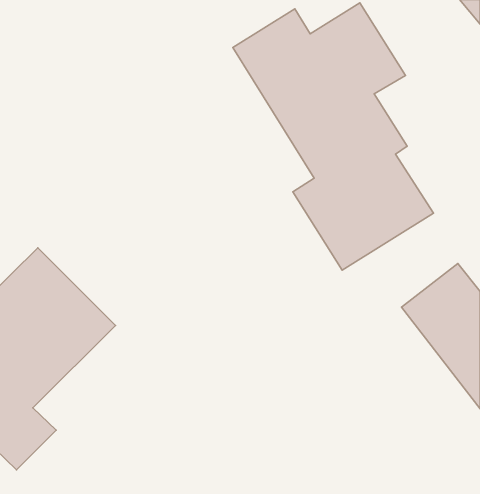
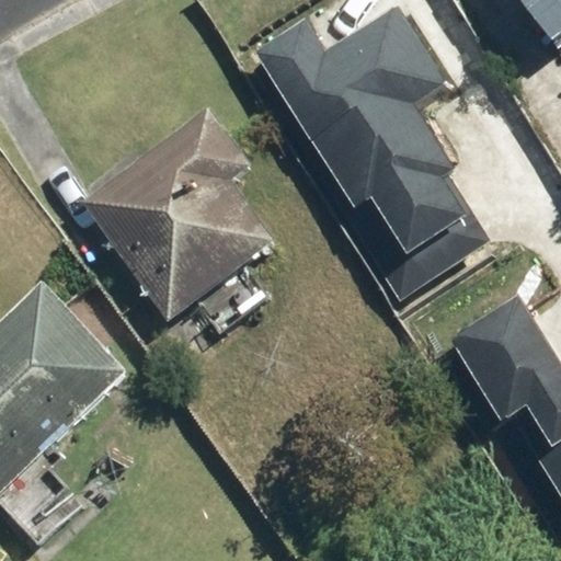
building: none -> [80,108,273,318]

